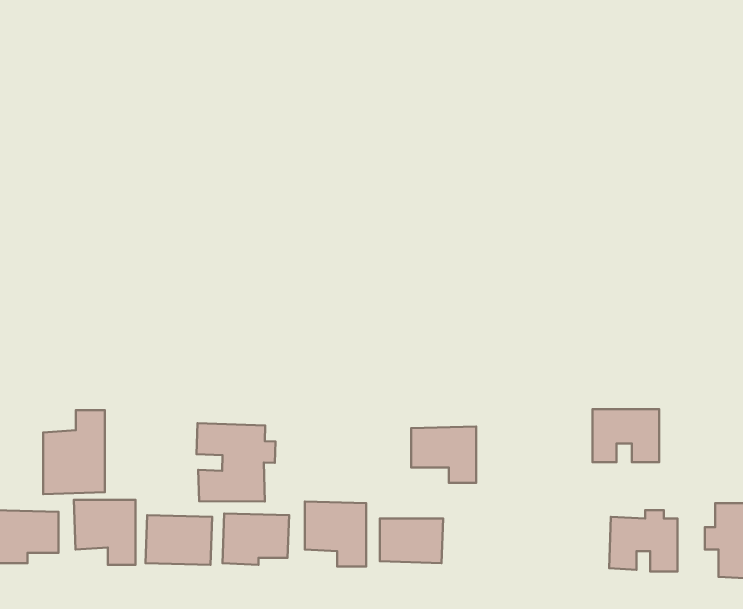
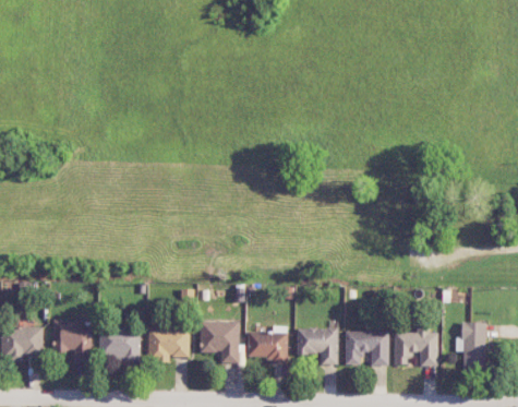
building: [593,409,659,462] -> [346,332,388,366]
building: [43,410,105,494] -> none
building: [196,423,276,502] -> none
building: [411,426,476,483] -> [297,328,338,364]

